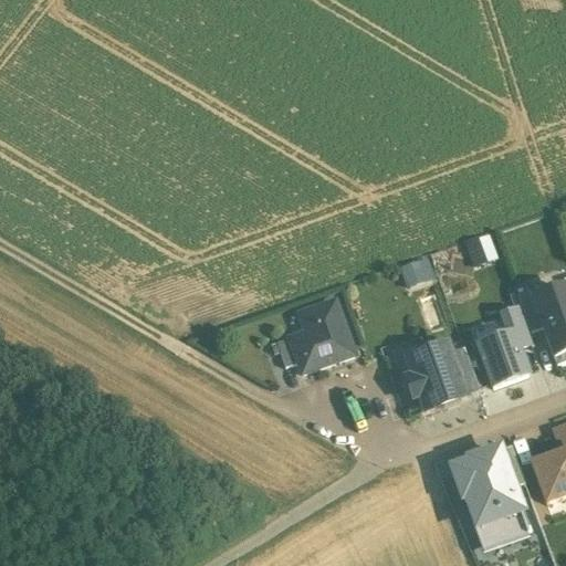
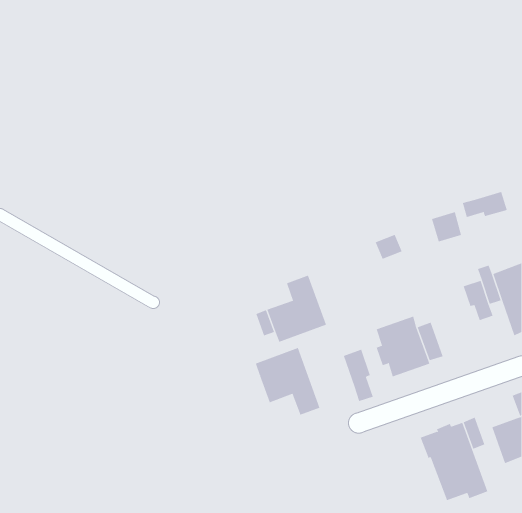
building: none -> [462,191,507,218]
building: [479,331,527,385] -> none
building: none -> [255,347,320,416]
building: none -> [343,349,373,402]

